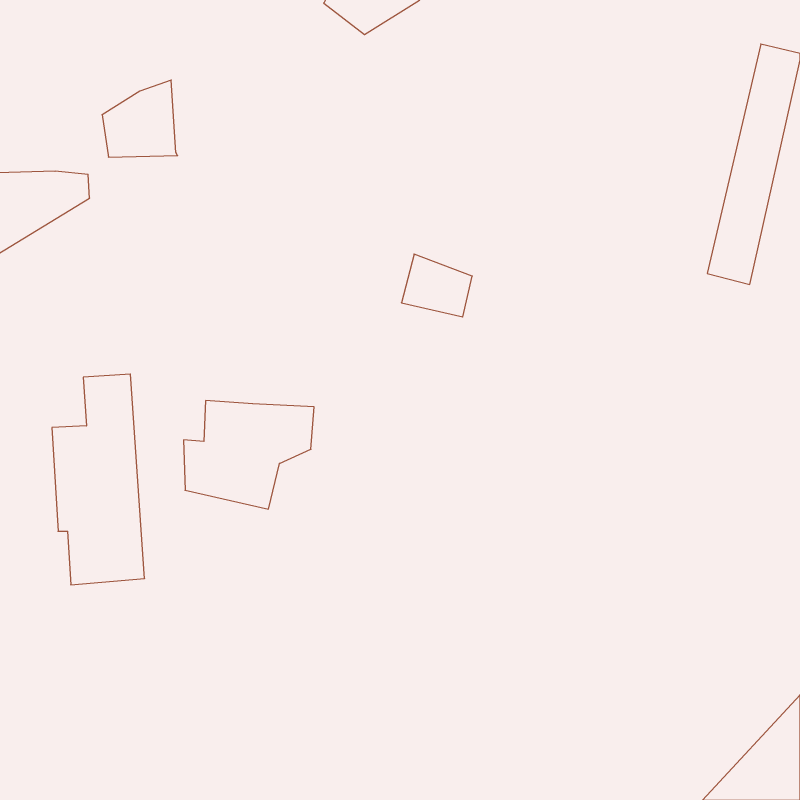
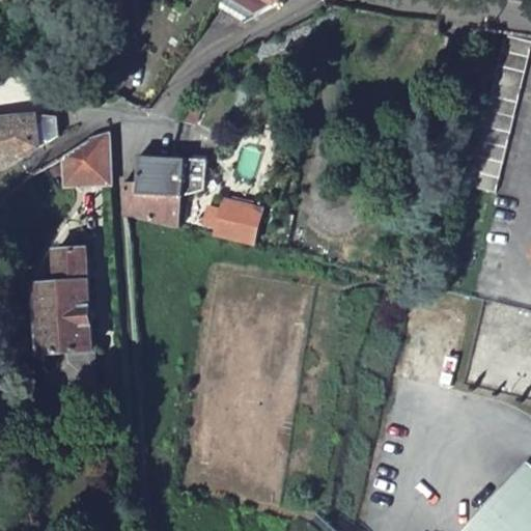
building: [102,80,178,157] -> [61,132,111,183]
building: [401,254,472,317] -> [215,200,261,242]
building: [184,401,314,509] -> [122,155,208,226]

